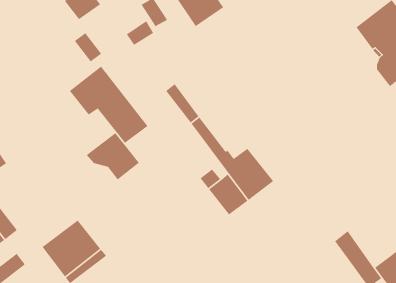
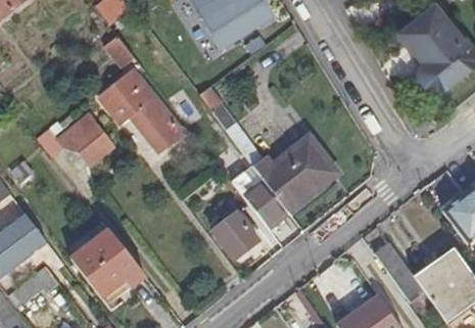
building: none -> [286,138,336,191]
building: [86,132,140,180] -> [57,115,113,166]
building: none -> [212,202,259,260]

